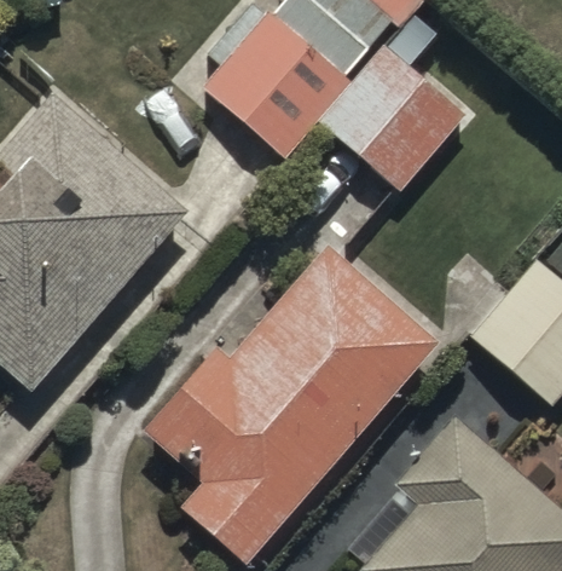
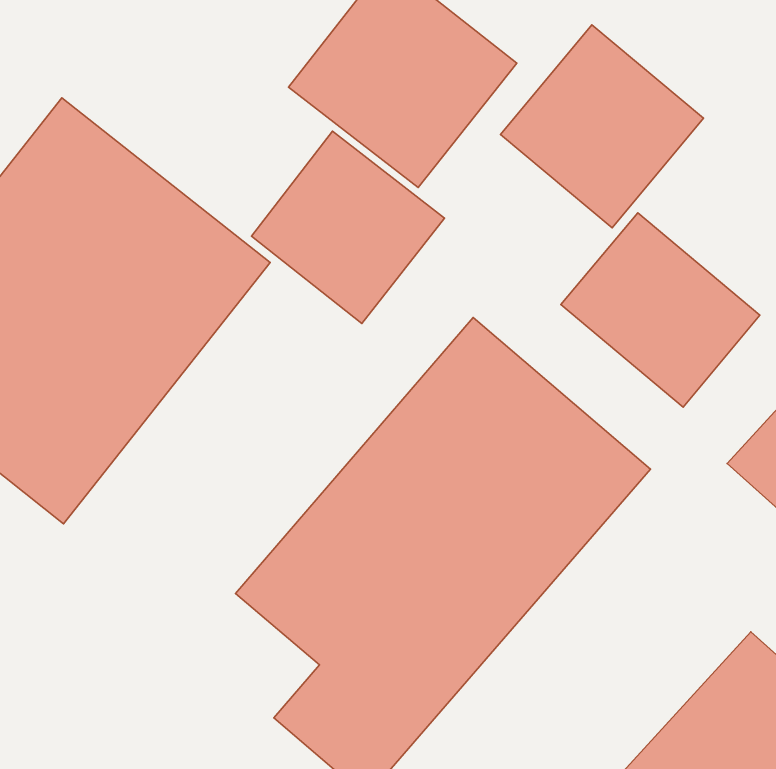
building: none -> [252,131,444,323]
building: none -> [561,213,760,407]

